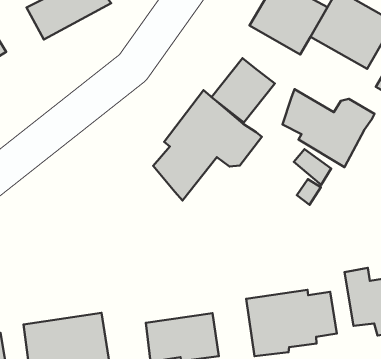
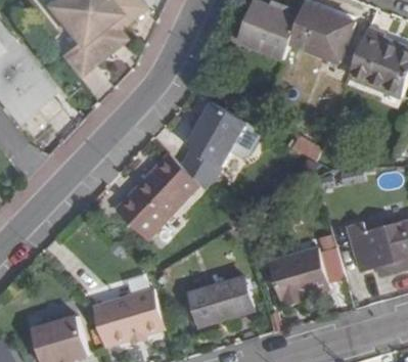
building: [212,58,275,123] -> none
building: [283,89,375,167] -> none
building: none -> [115,152,198,237]

